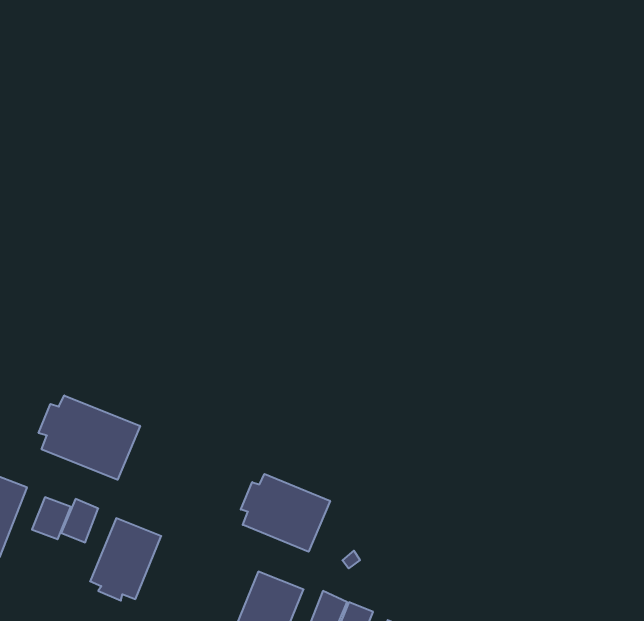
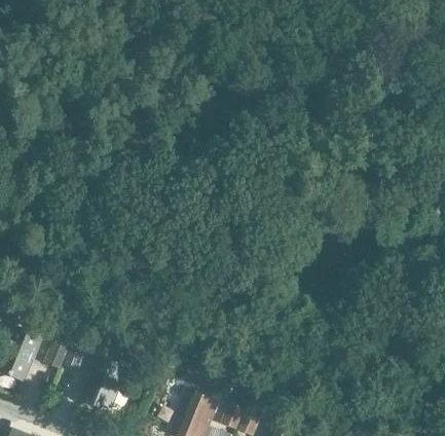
building: [39,395,140,480] -> none
building: [241,474,330,552] -> none

